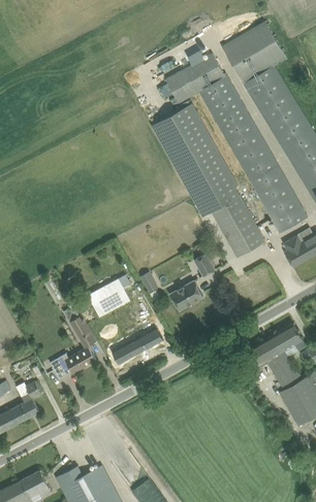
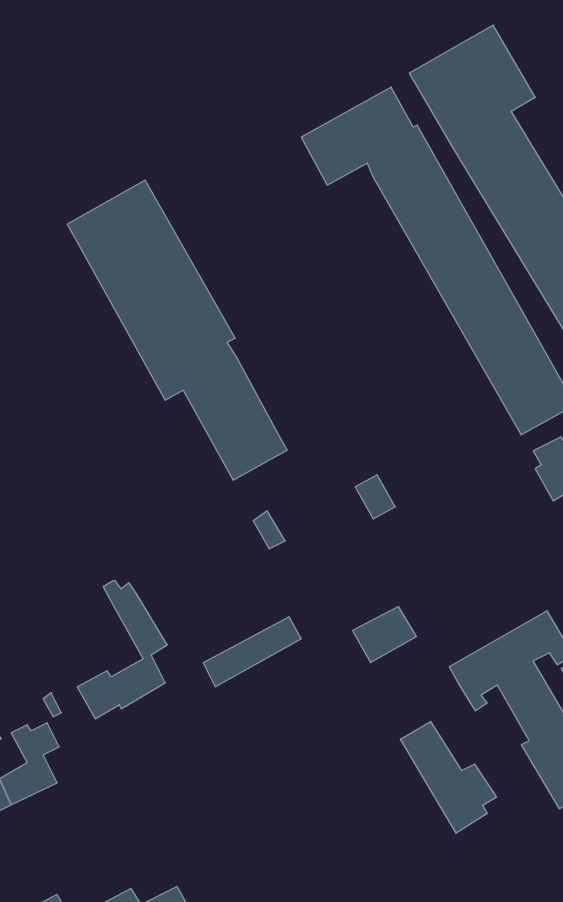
building: [151,103,264,258] -> [67,180,287,480]
building: [87,274,129,317] -> none
building: [169,281,202,310] -> [353,607,417,663]
building: none -> [400,721,497,833]

